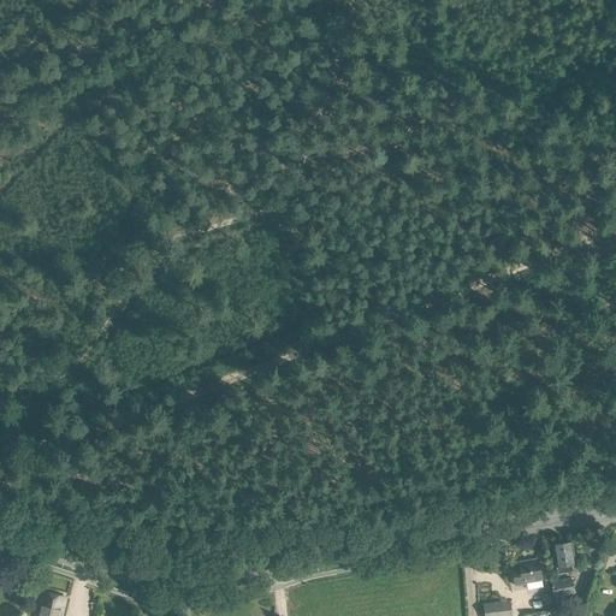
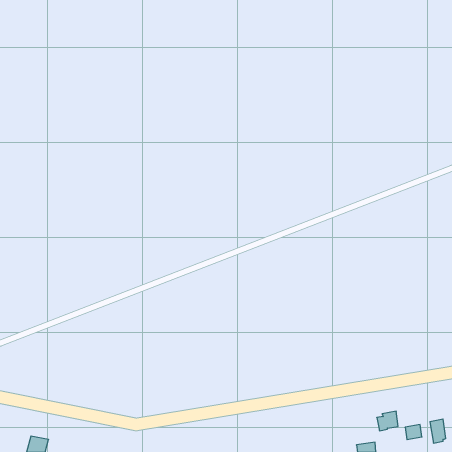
building: [553,541,575,574] -> [430,419,446,443]

